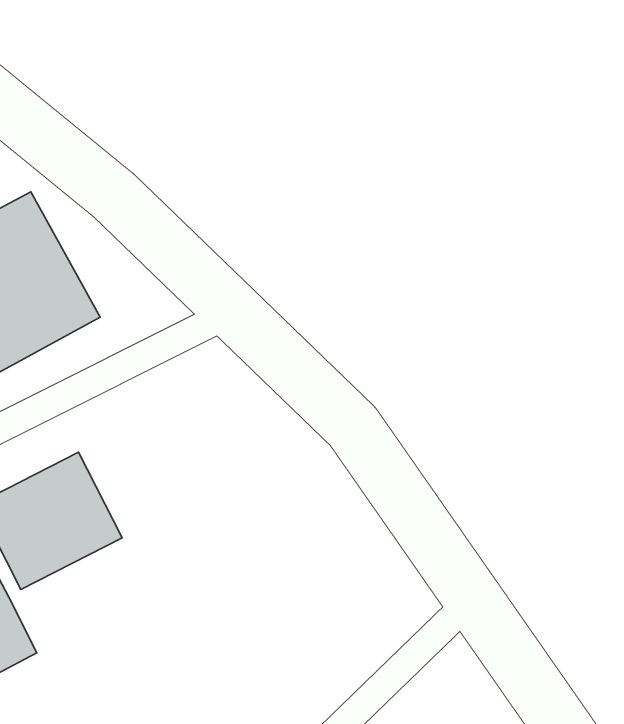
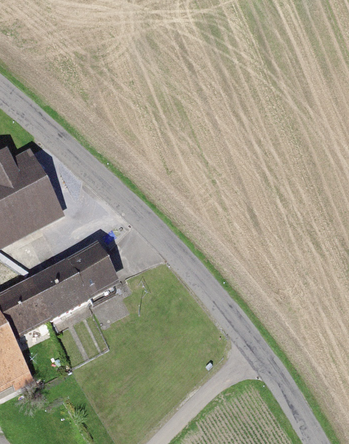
building: none -> [50,244,123,313]

